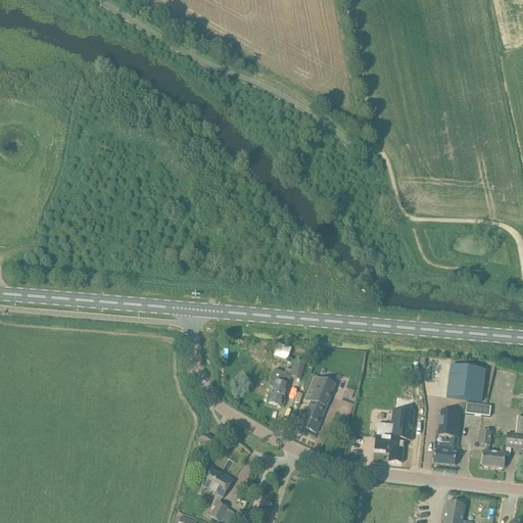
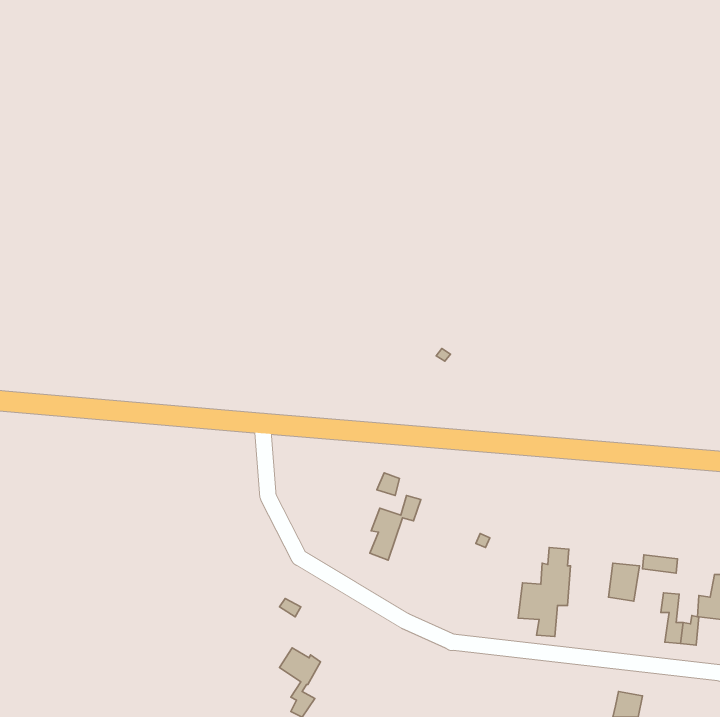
building: [446,364,486,400] -> none
building: [301,374,336,431] -> none
building: [434,439,459,464] -> none

